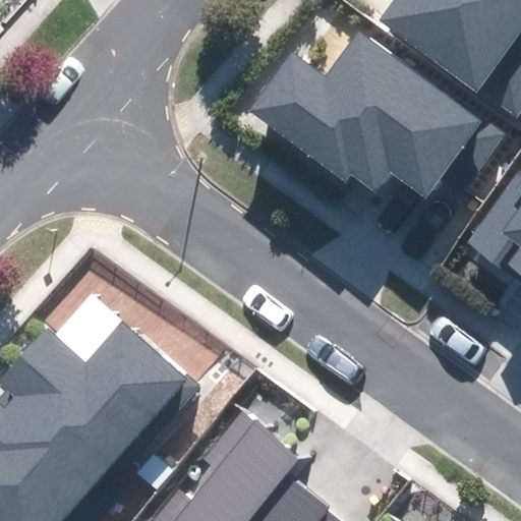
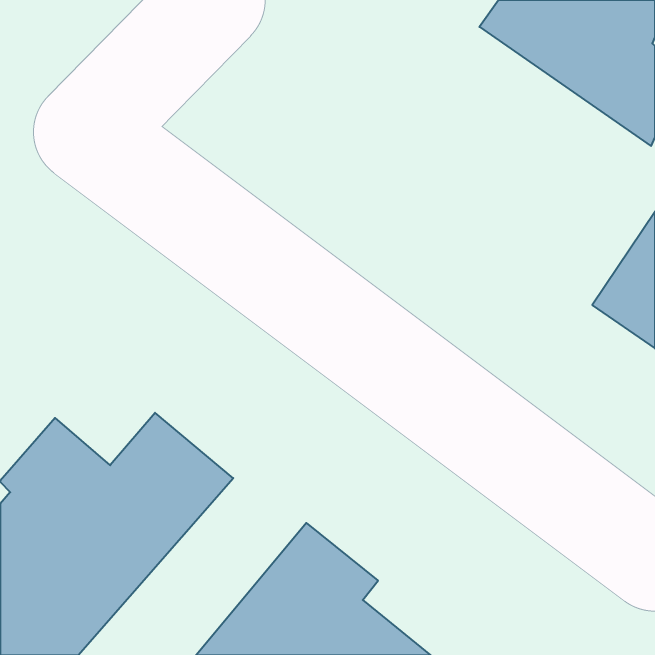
building: [253,34,503,196] -> none

